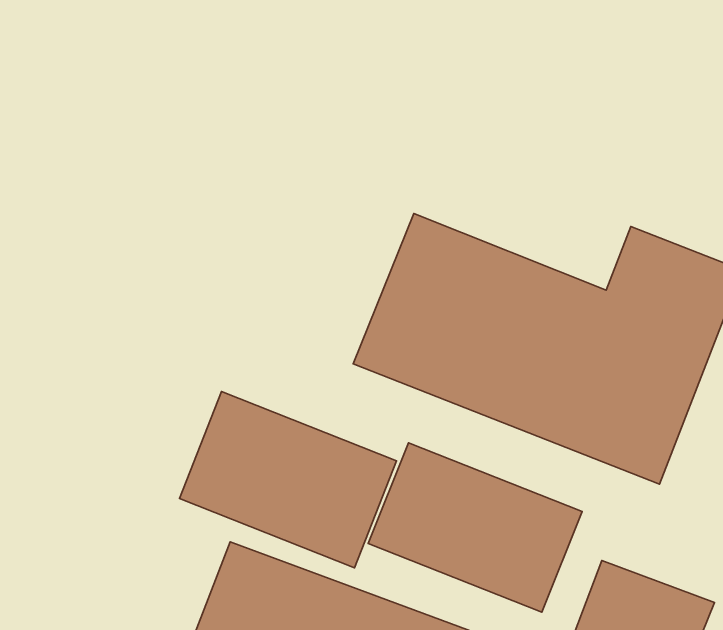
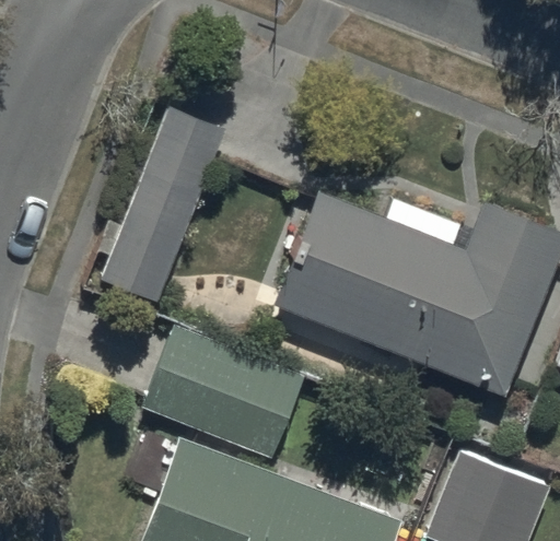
building: none -> [102,108,225,303]
building: [368,443,582,612] -> none

